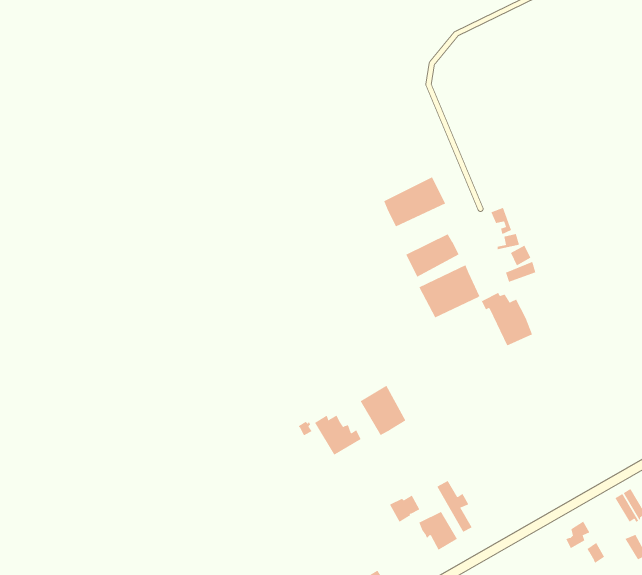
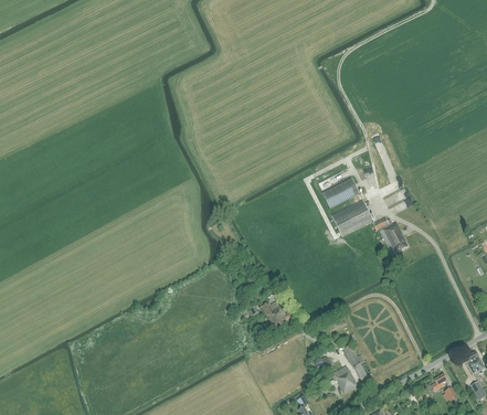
building: [384,176,446,227] -> none
building: [360,385,406,436] -> none

